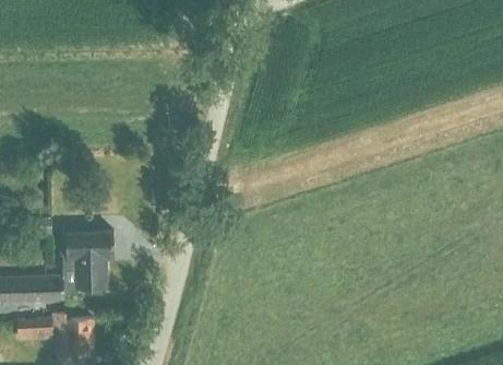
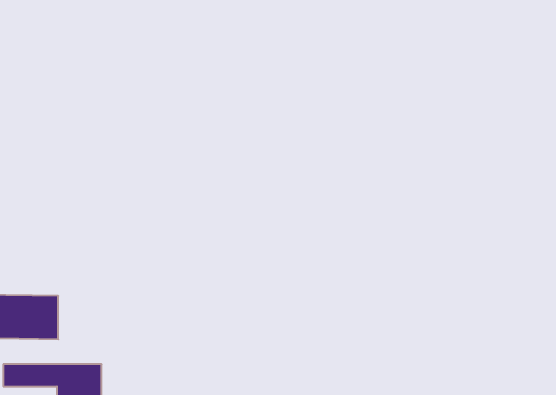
building: [70,225,108,279] -> none

